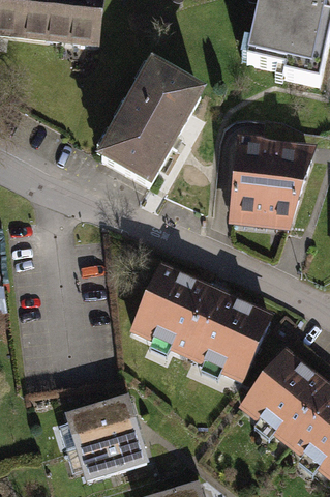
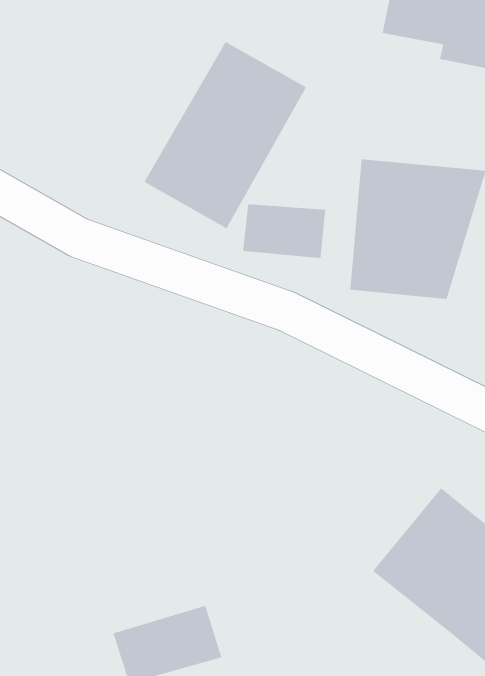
building: none -> [243,204,326,259]
building: [132,265,271,377] -> none
building: [67,393,136,443] -> none

